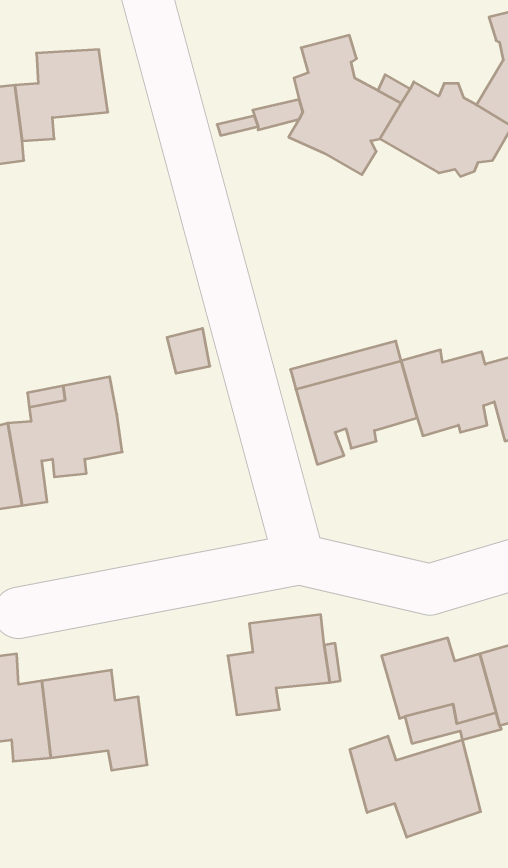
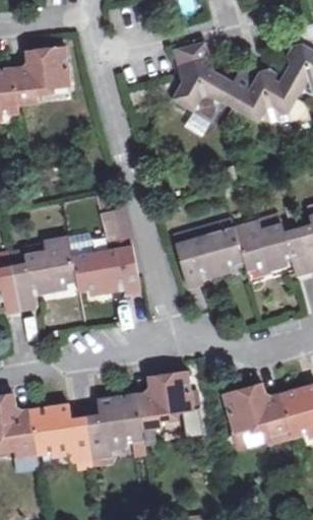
building: none -> [73,248,139,291]
building: none -> [85,395,142,457]
building: [350,736,481,837] -> none

